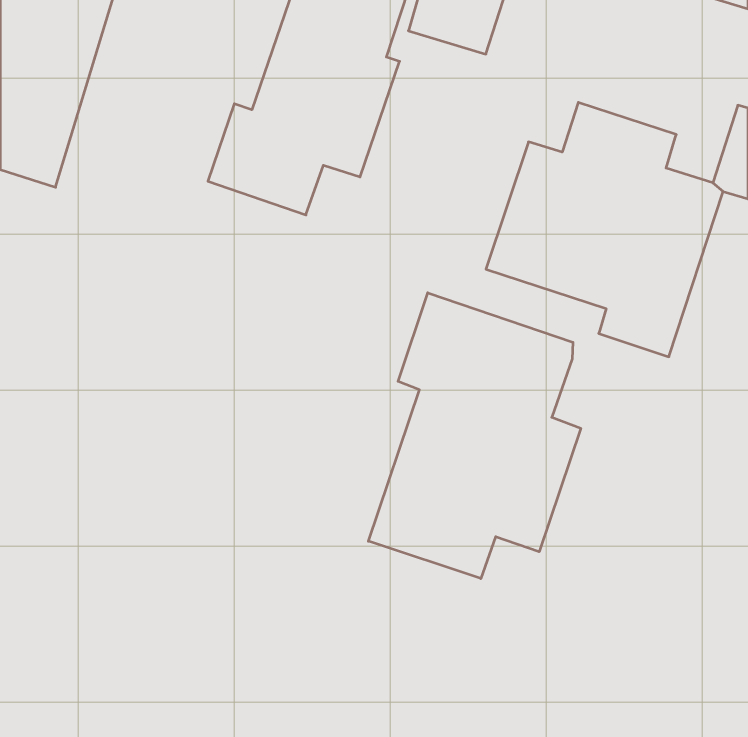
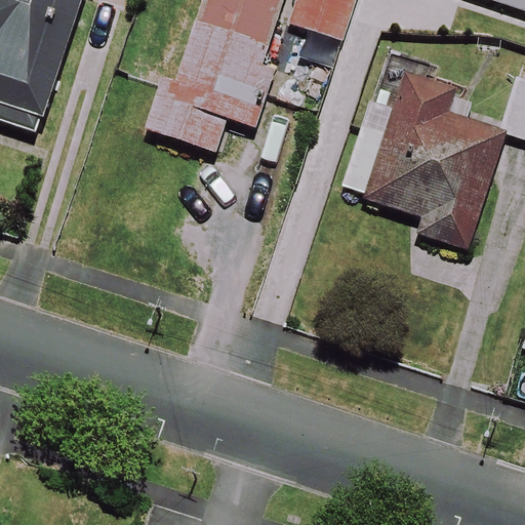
building: [368,293,581,579] -> none

